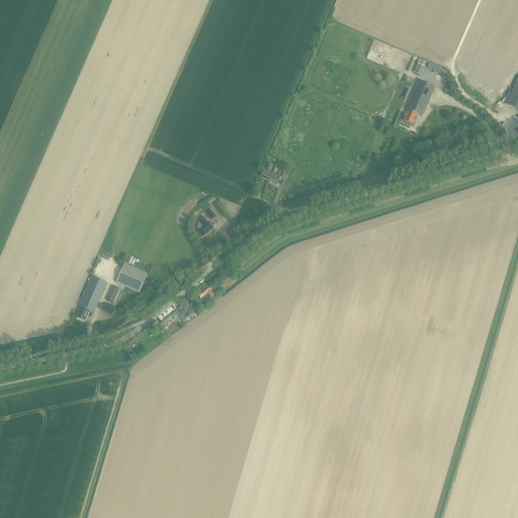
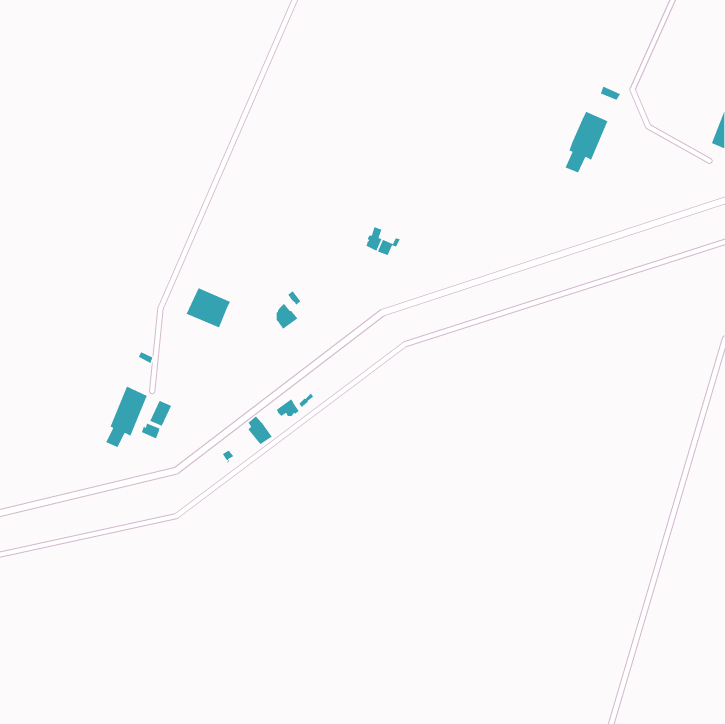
building: [114,261,147,290] -> [186,287,231,328]

